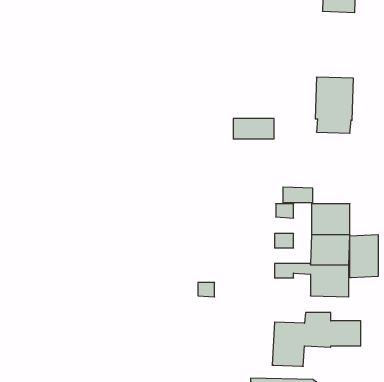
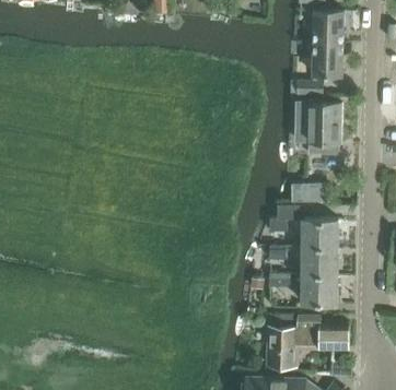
building: none -> [298,42,343,94]
building: [233,119,274,139] -> [292,182,329,201]
building: [350,235,378,278] -> none

